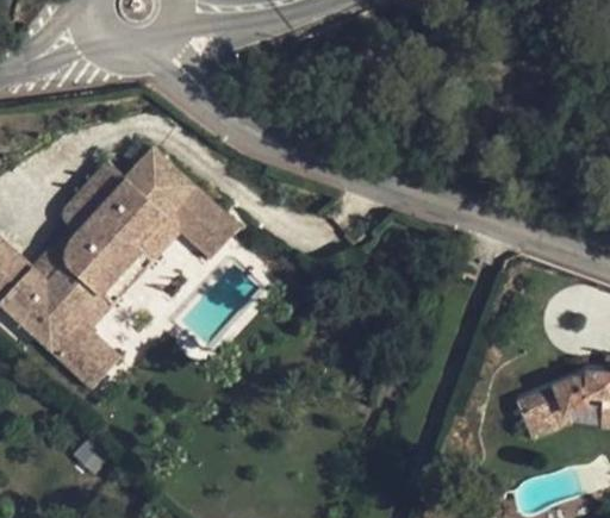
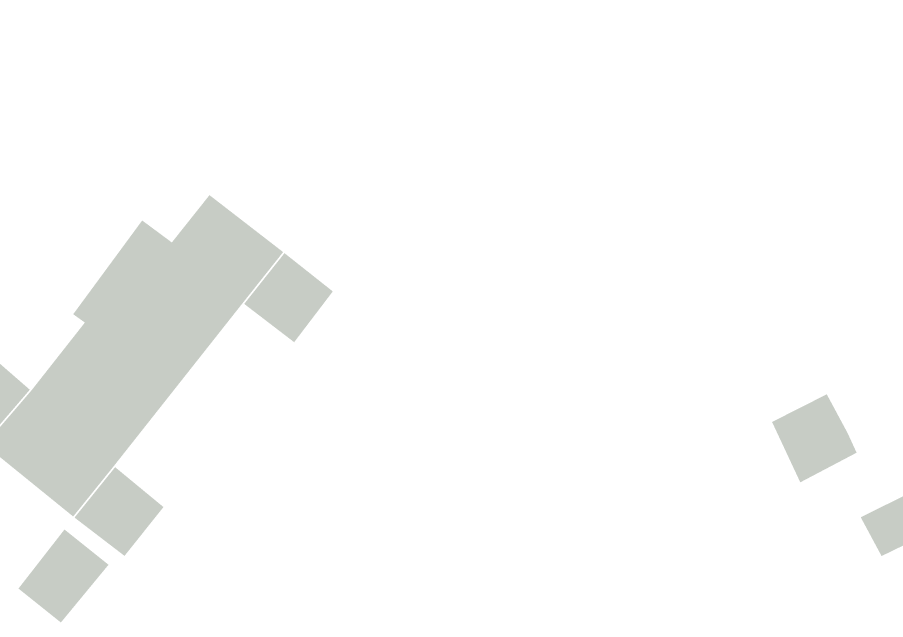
building: none -> [18,529,109,624]
building: [521,391,574,447] -> [771,394,858,483]

